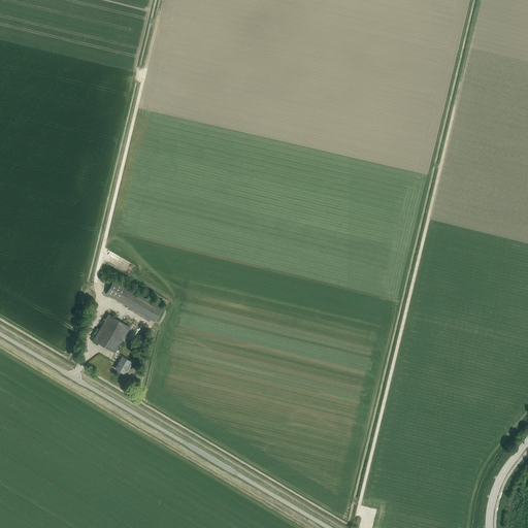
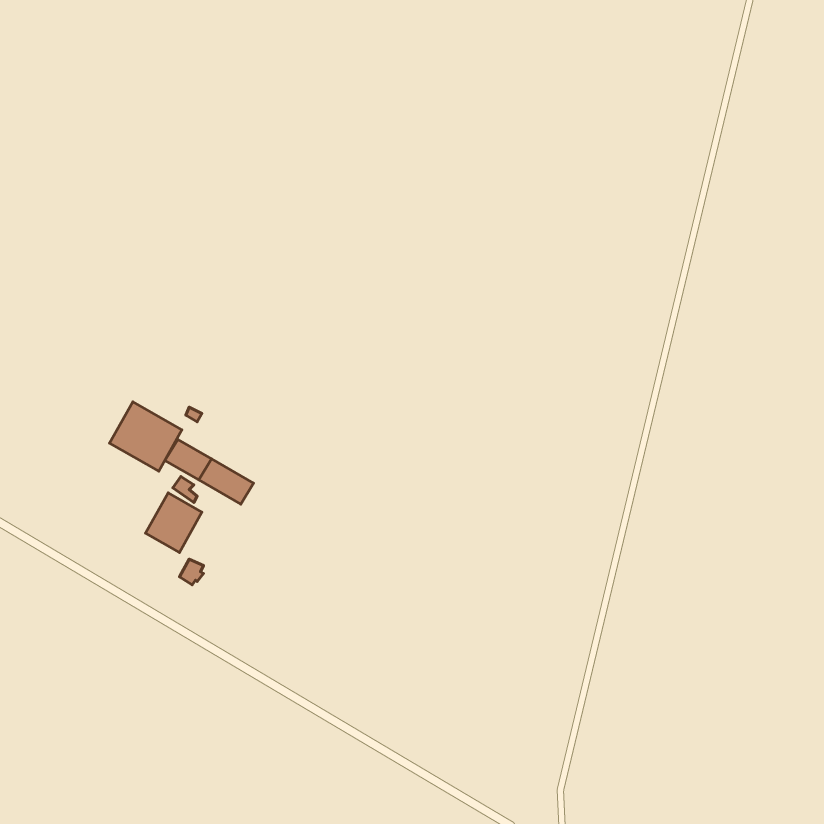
building: none -> [110,402,182,471]

